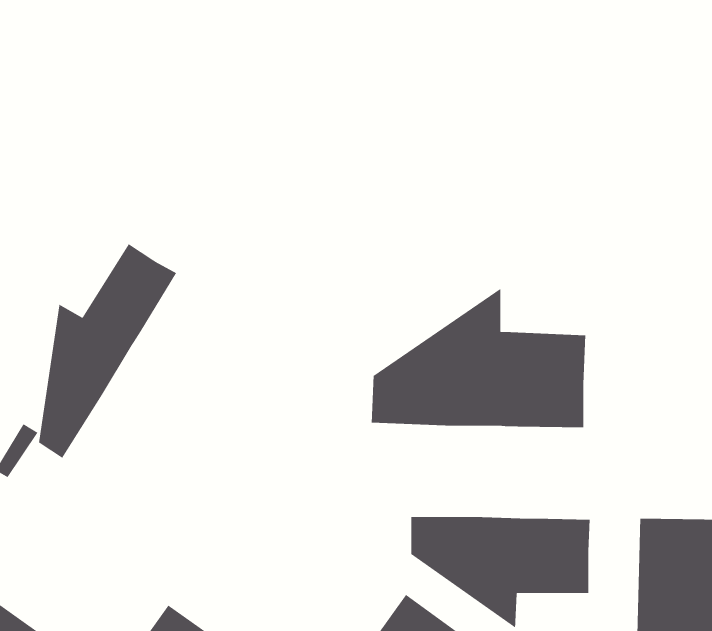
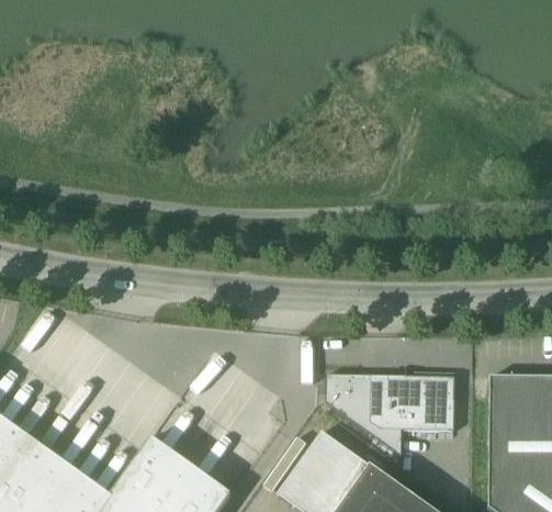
building: [38,243,177,459] -> none
building: [371,287,586,428] -> none

